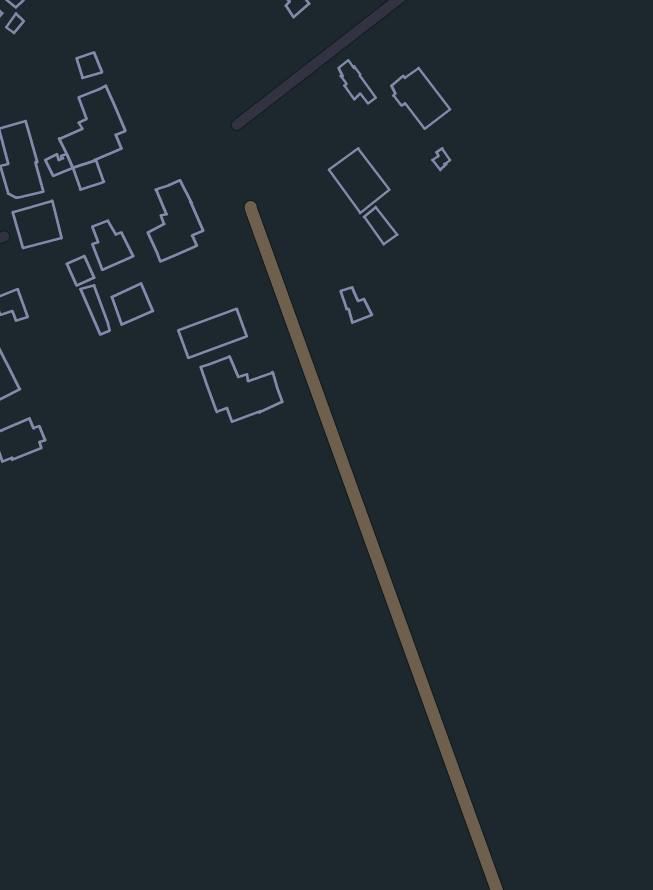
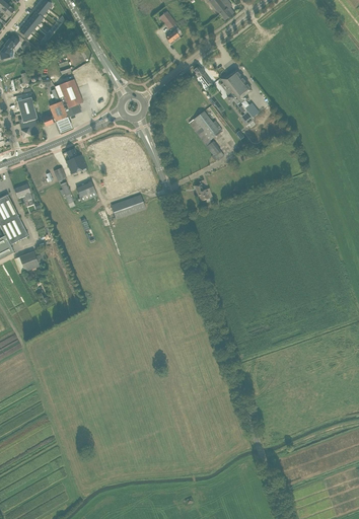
building: [148,180,203,261] -> none
building: [13,201,61,248] -> none
building: [201,356,282,422] -> none

